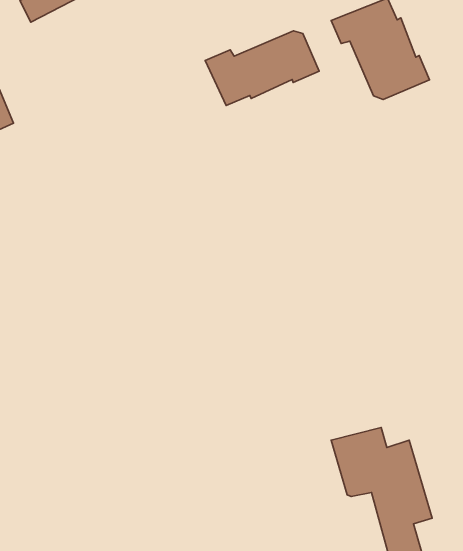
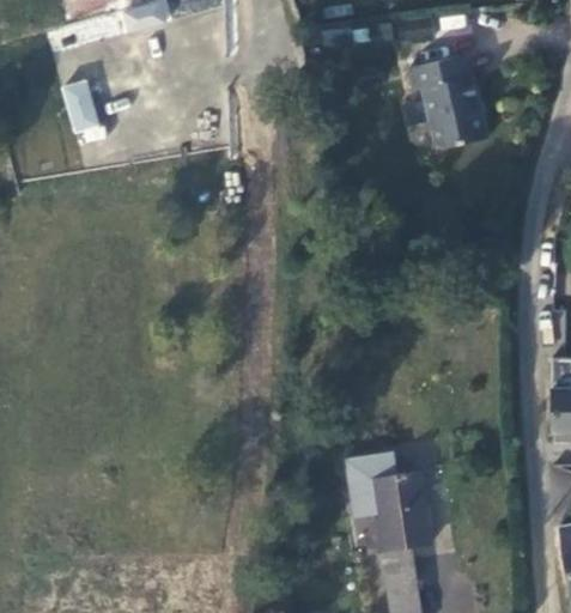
building: [205,31,319,105] -> none

